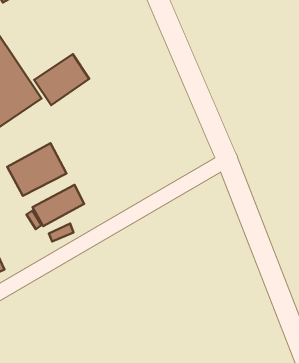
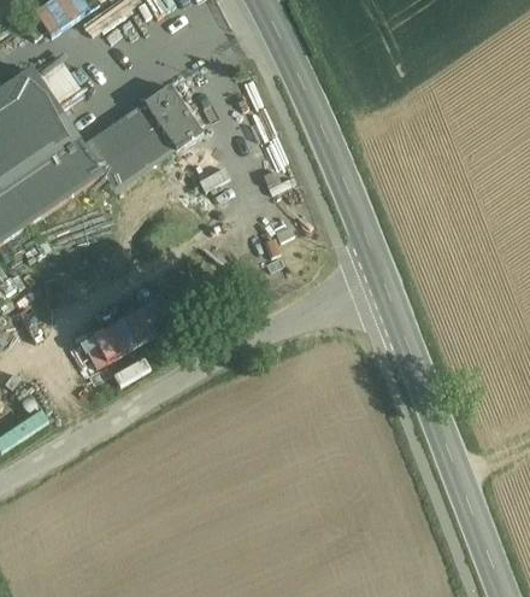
building: none -> [142,86,199,151]
building: [7,143,67,196] -> none

